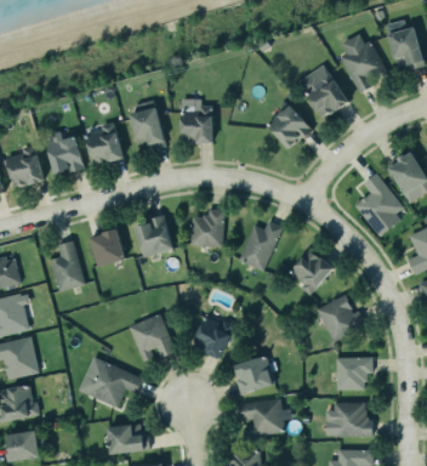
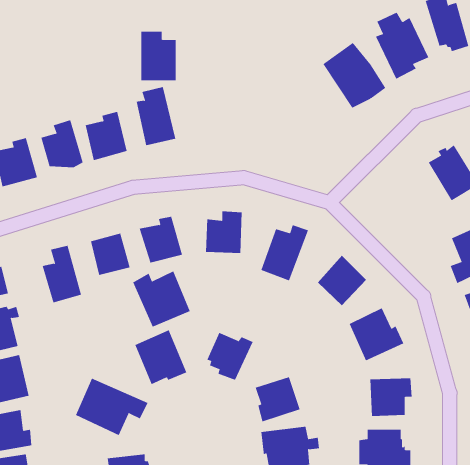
building: [182,100,214,143] -> [140,31,176,81]
building: [266,103,312,149] -> none
building: [354,172,402,231] -> none
building: none -> [133,270,191,328]

